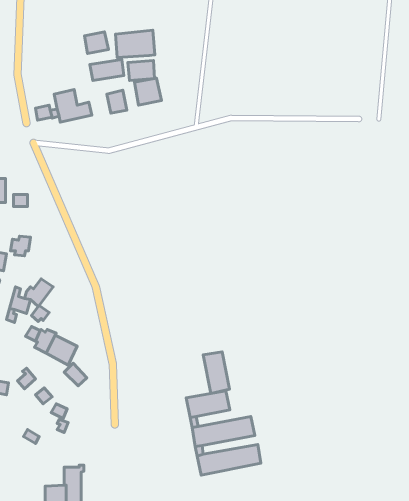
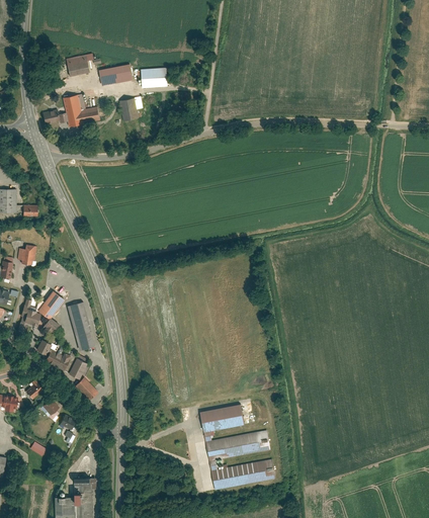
building: [116,30,155,58] -> none
building: [85,32,108,54] -> [64,53,88,75]
building: [134,78,161,105] -> none
building: none -> [66,300,94,349]
building: [203,352,230,393] -> none

